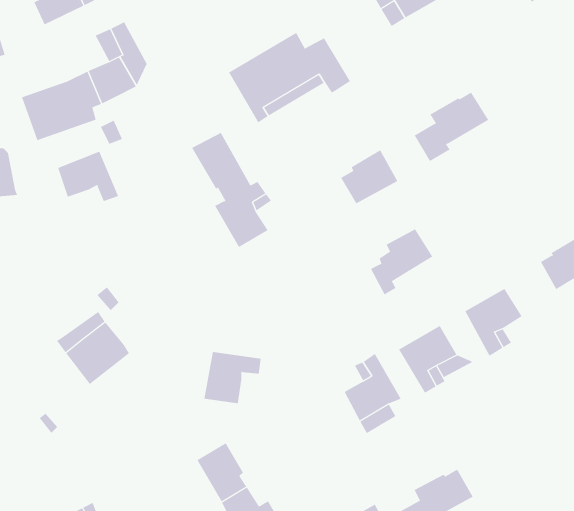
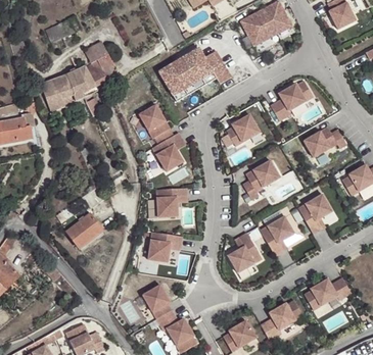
building: [57,151,119,202] -> none
building: none -> [302,130,345,158]
building: none -> [156,188,186,217]
building: none -> [304,277,352,310]

